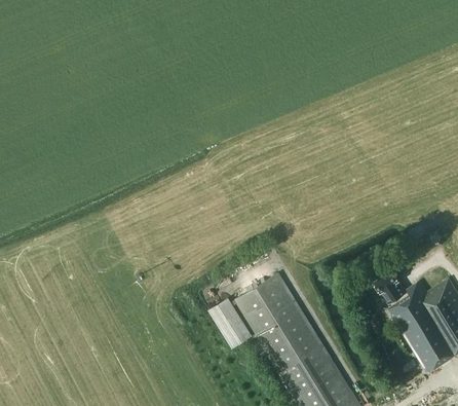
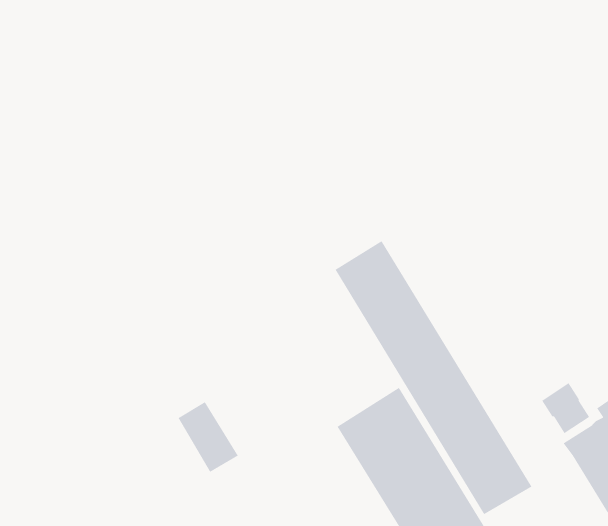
building: none -> [334,240,533,515]
building: [211,298,252,346] -> [178,401,239,473]

